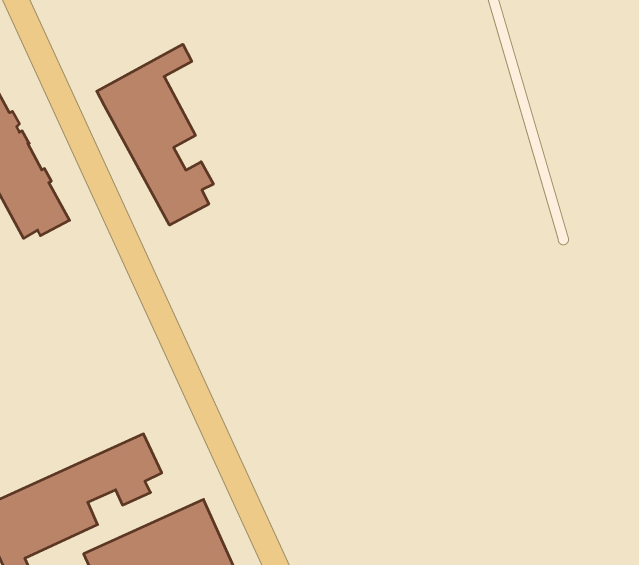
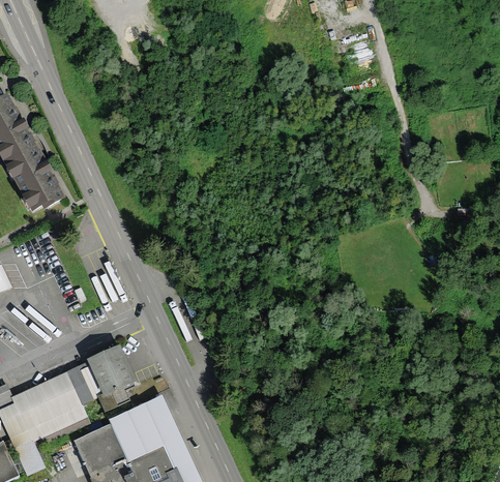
building: [97,44,213,225] -> none

